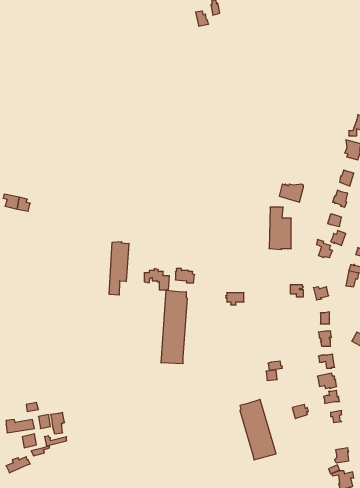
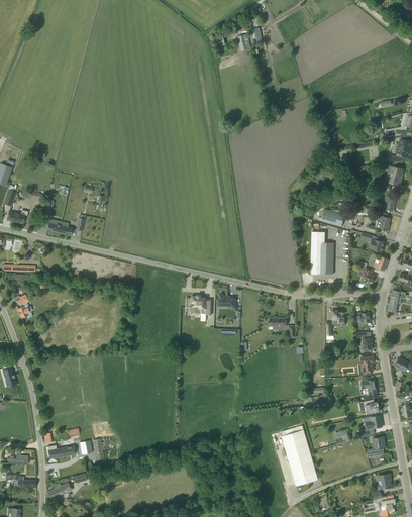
building: [109,242,129,295] -> none
building: [161,290,187,364] -> none

